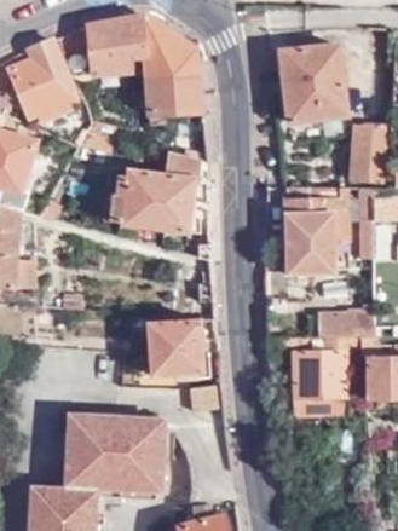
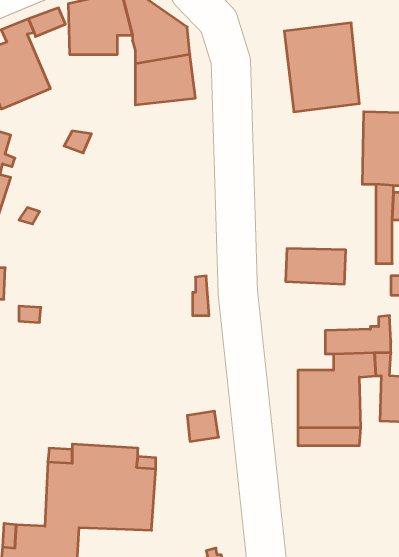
building: [119,148,201,230] -> none
building: [282,184,348,244] -> none
building: [148,318,221,377] -> none

